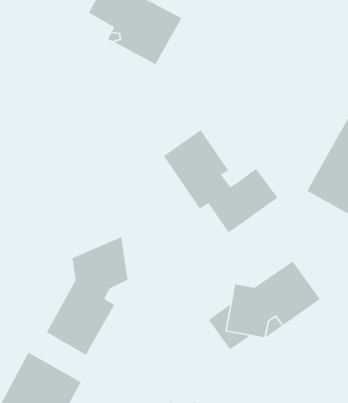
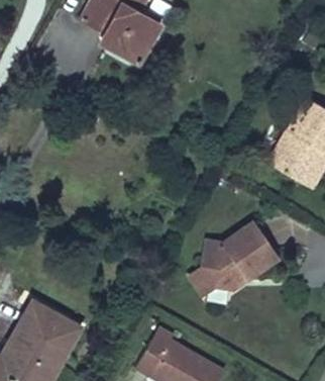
building: [163,129,278,233] -> none
building: [46,236,129,356] -> none

